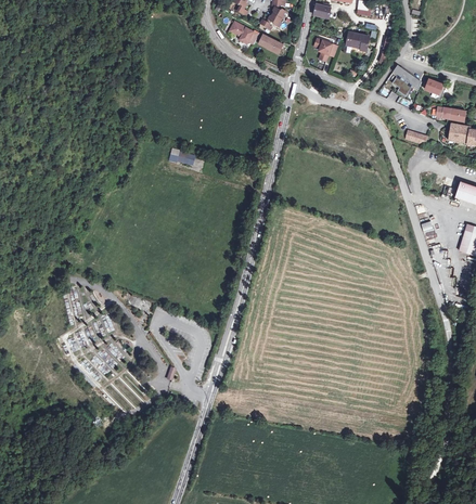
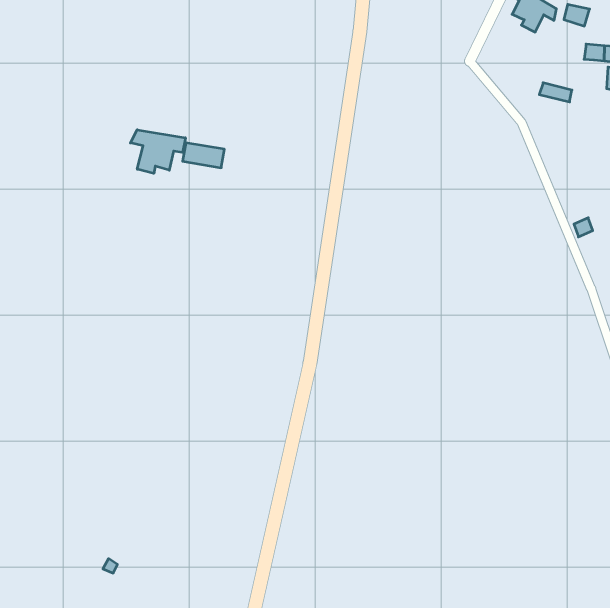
building: none -> [130,130,185,173]

